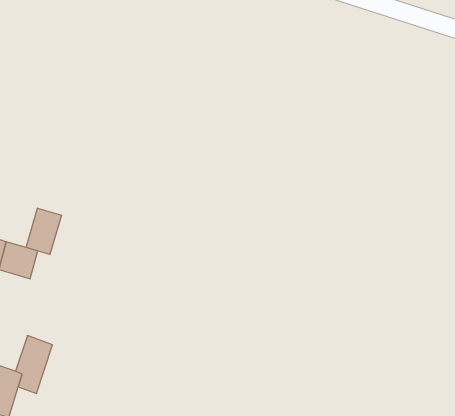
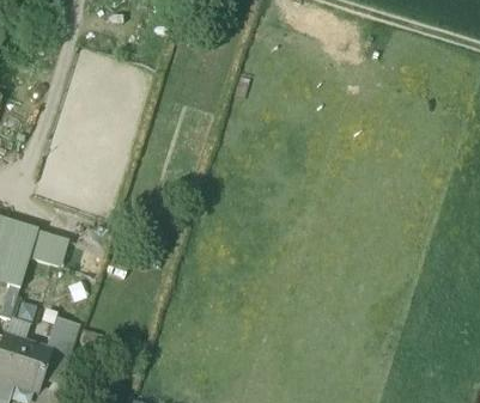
building: [26,208,61,255] -> none

